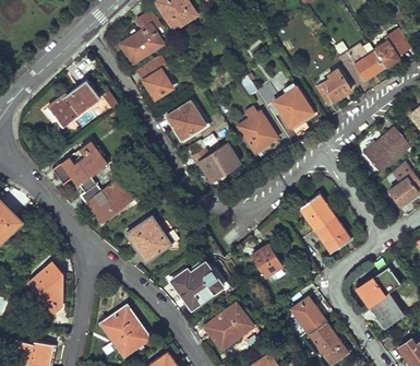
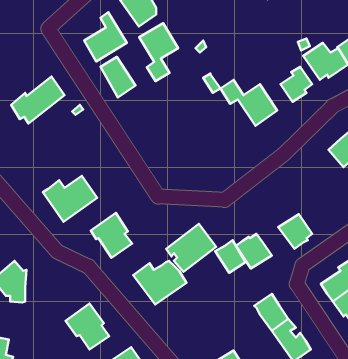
building: none -> [139,23,178,81]
building: [166,102,205,141] -> none
building: [238,111,275,153] -> none
building: [51,141,106,192] -> none
building: [187,141,239,179] -> none
building: [299,196,335,231] -> [236,234,272,269]
building: [204,302,254,350] -> [166,224,216,272]

